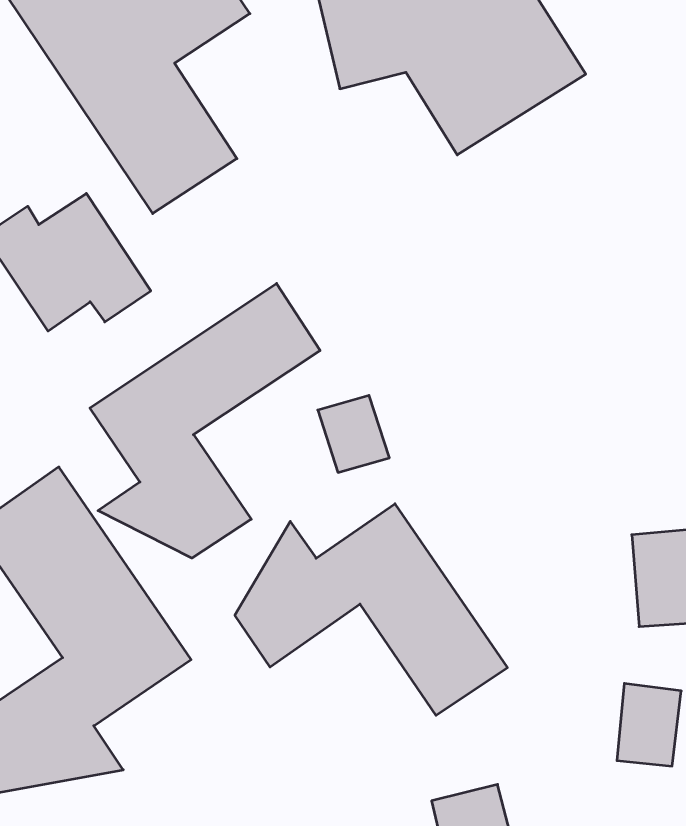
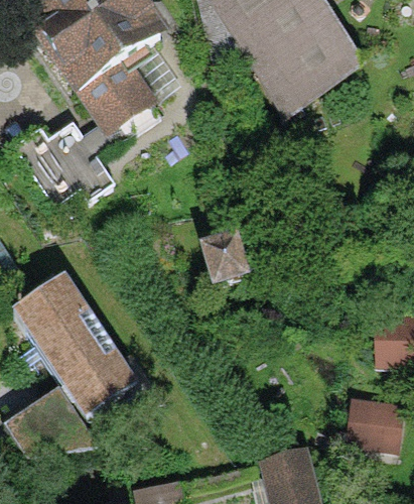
building: [90,283,320,558] -> none
building: [235,504,507,715] -> none

